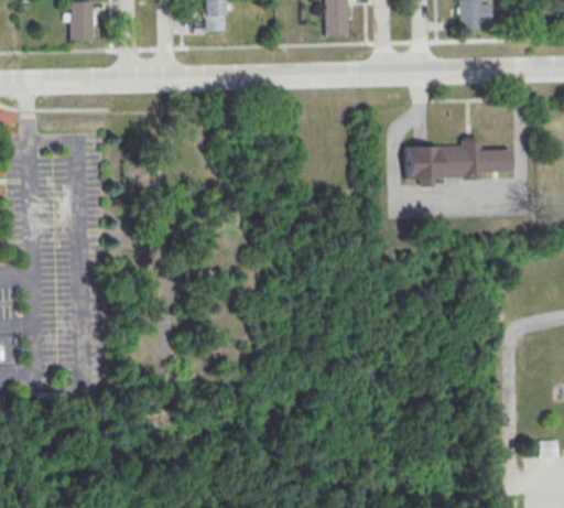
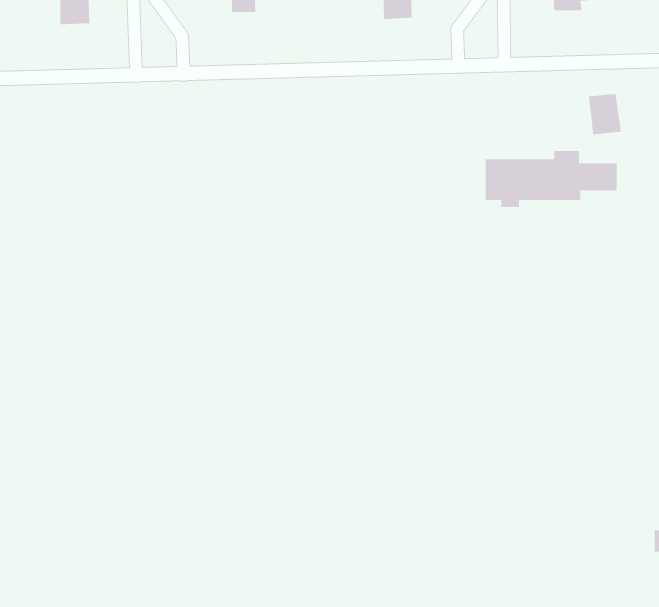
building: none -> [588,93,621,135]

